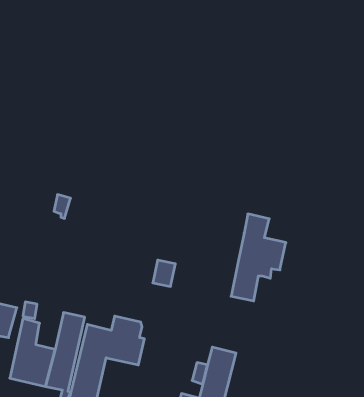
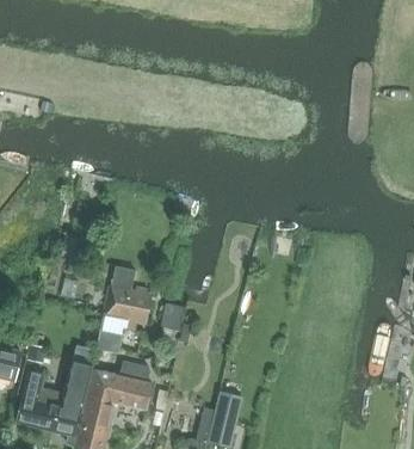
building: [231,214,286,301] -> [95,267,150,355]

